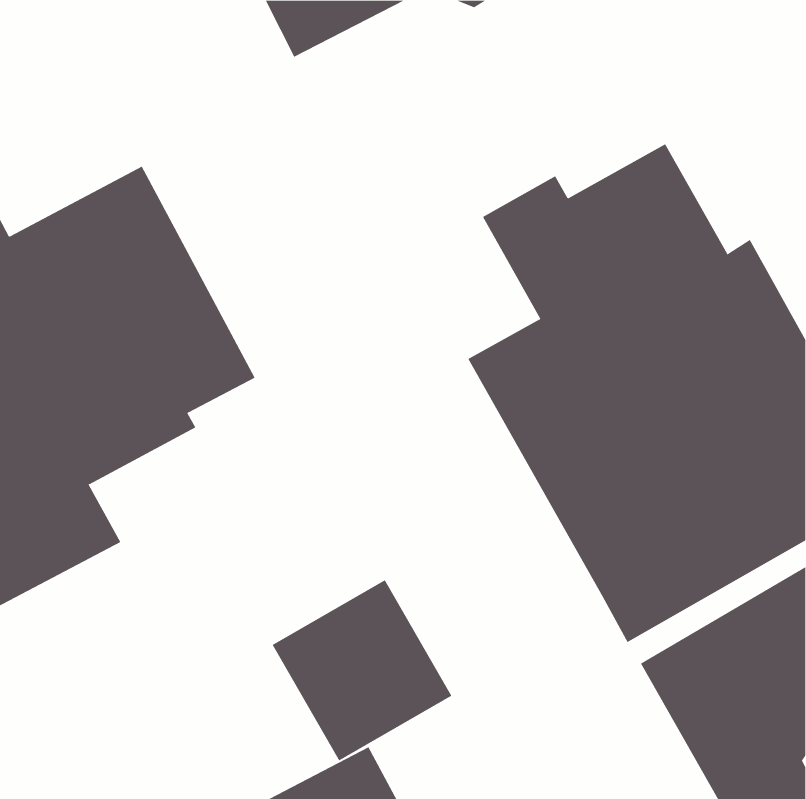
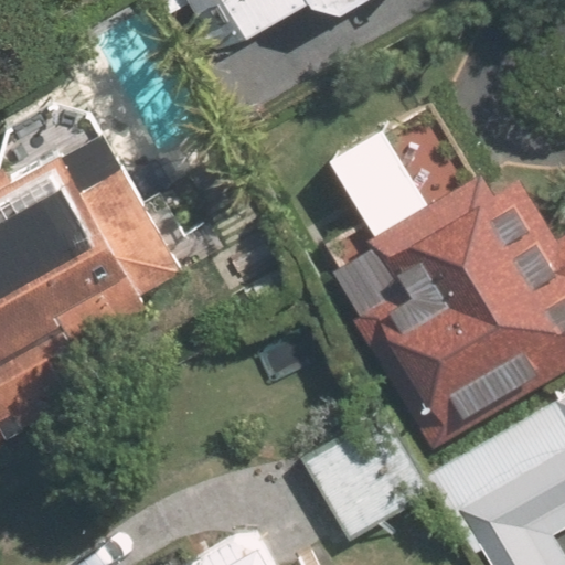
building: [272,579,452,761] -> [303,415,428,541]

